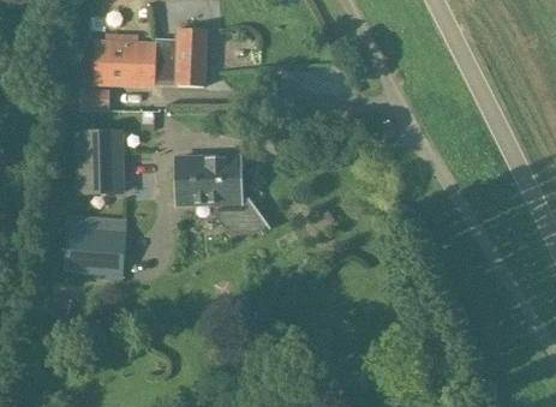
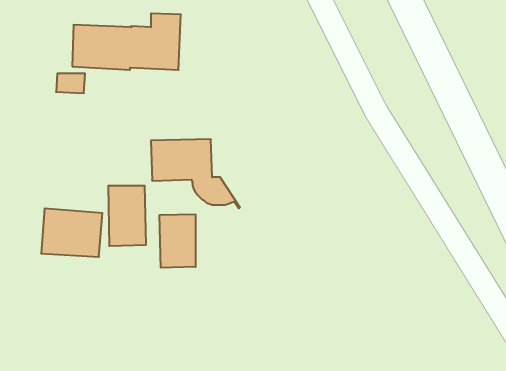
building: [80,131,120,193] -> [108,186,146,246]
building: none -> [160,214,196,268]

